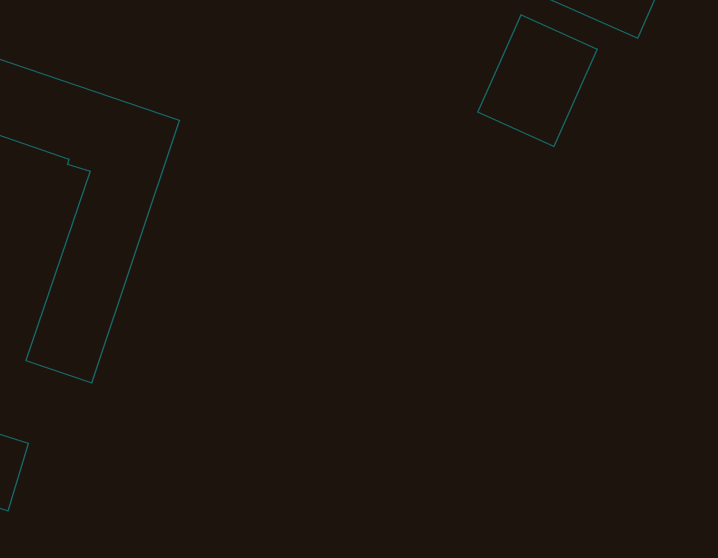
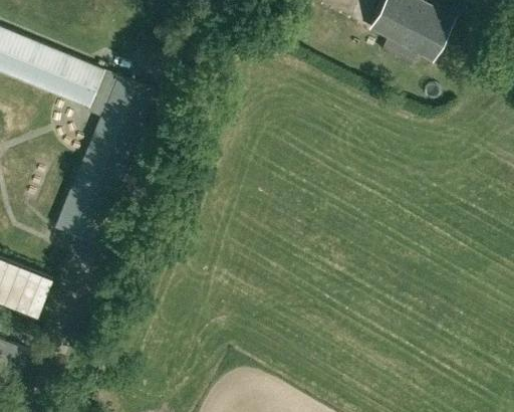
building: [478,15,597,147] -> none

